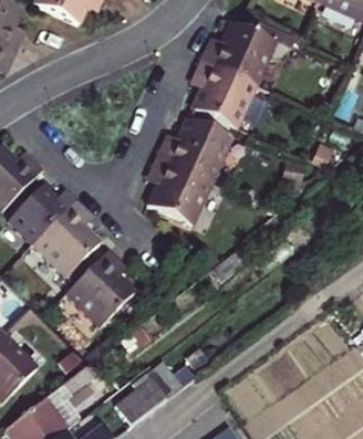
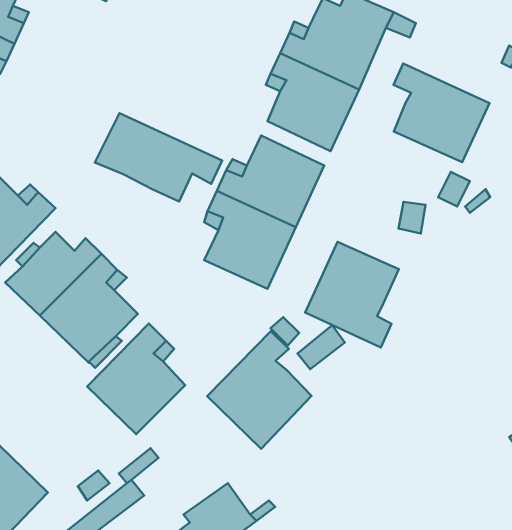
building: none -> [394,63,490,162]
building: none -> [95,113,222,201]
building: none -> [305,242,399,347]
building: none -> [207,331,312,449]

